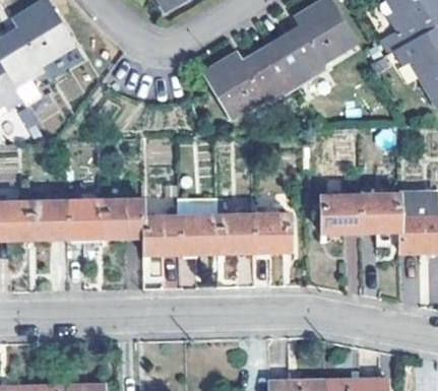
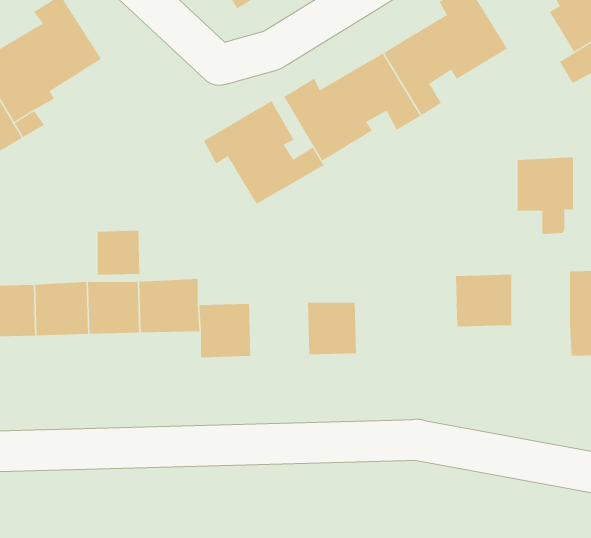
building: none -> [203,100,324,205]
building: none -> [97,230,140,276]
building: [360,193,399,247] -> [517,157,574,235]
building: [178,197,218,252] -> none
building: [251,213,291,250] -> none

